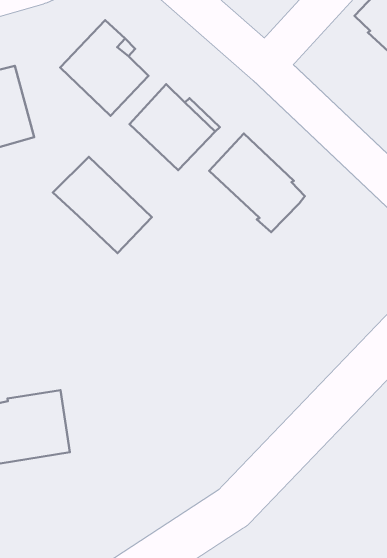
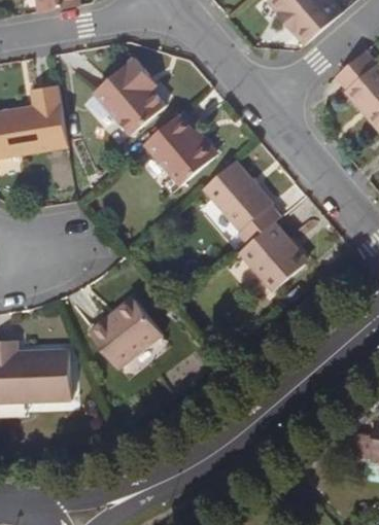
building: [53,157,152,253] -> none
building: none -> [239,221,305,290]
building: none -> [88,297,161,371]

